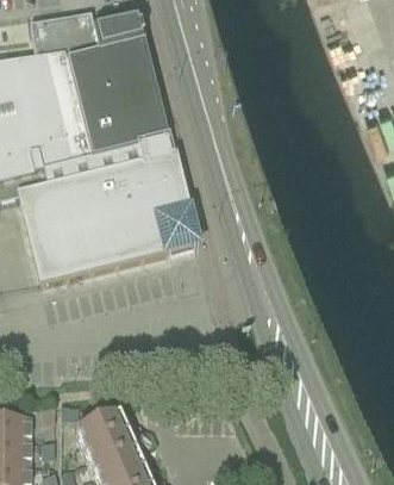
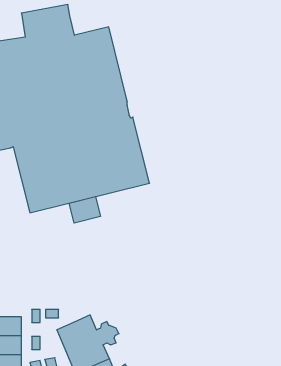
building: [94,19,145,54] -> none
building: none -> [69,197,100,223]

